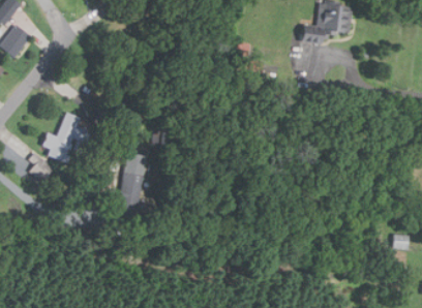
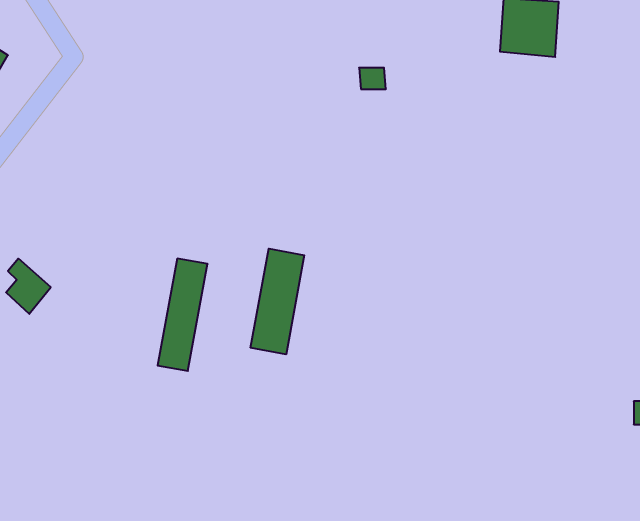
building: [41,112,87,162] -> none
building: none -> [251,249,304,354]

